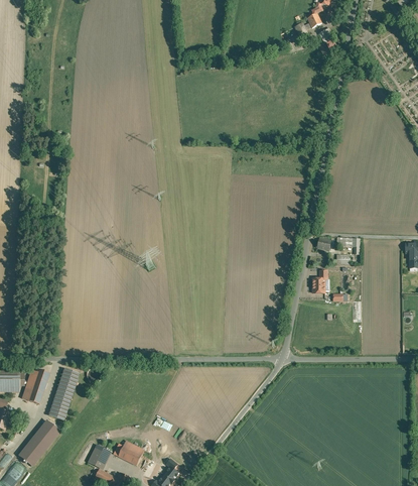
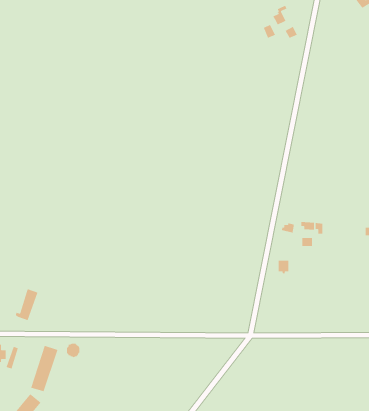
building: [25,369,50,404] -> [15,288,39,321]

